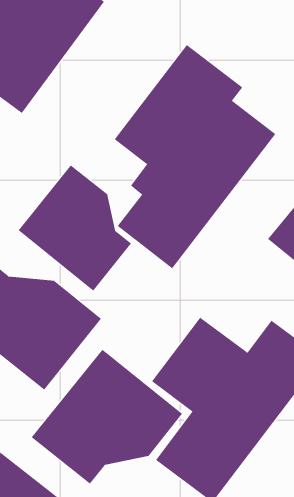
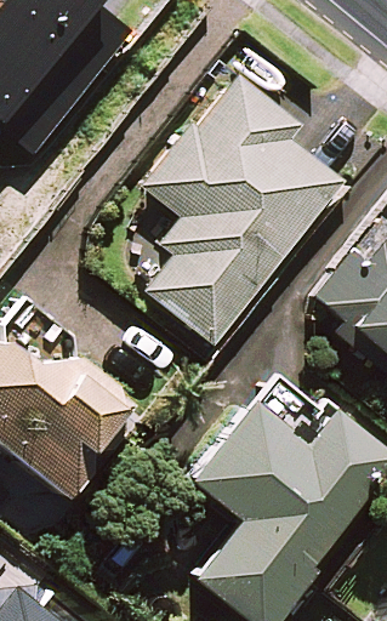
building: [18,165,132,292] -> none
building: [31,349,183,485] -> none

